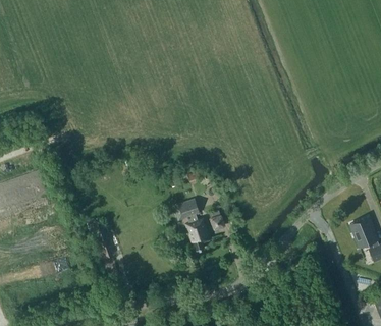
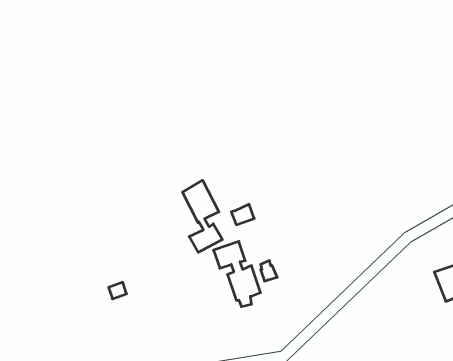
building: none -> [183,180,222,252]

